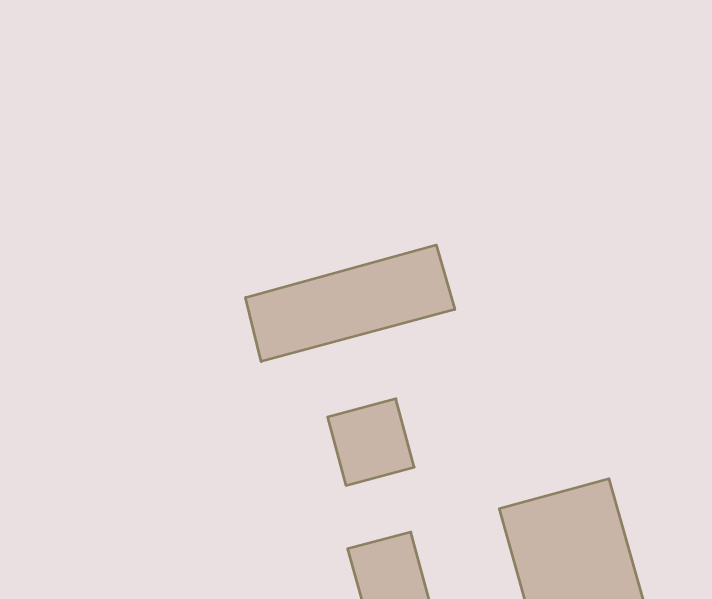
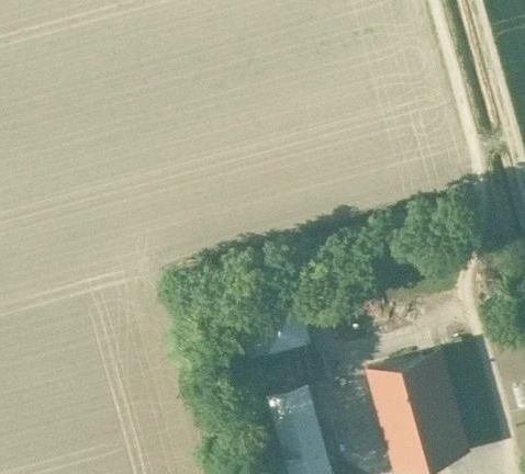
building: [246,245,455,362] -> none

